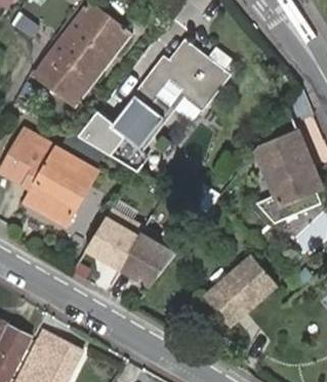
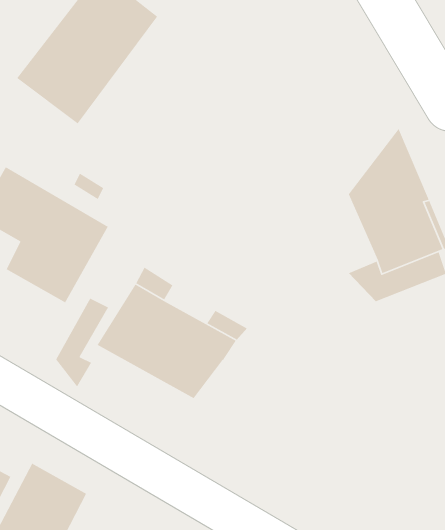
building: [78,44,224,165] -> none
building: none -> [55,298,109,388]
building: [208,260,272,323] -> none

